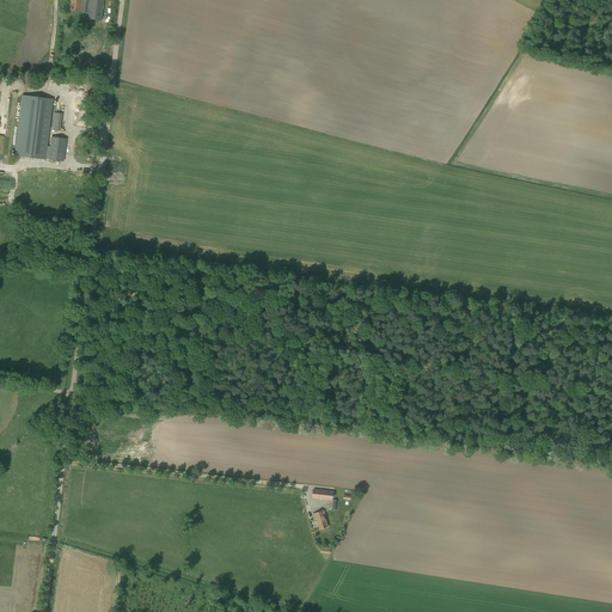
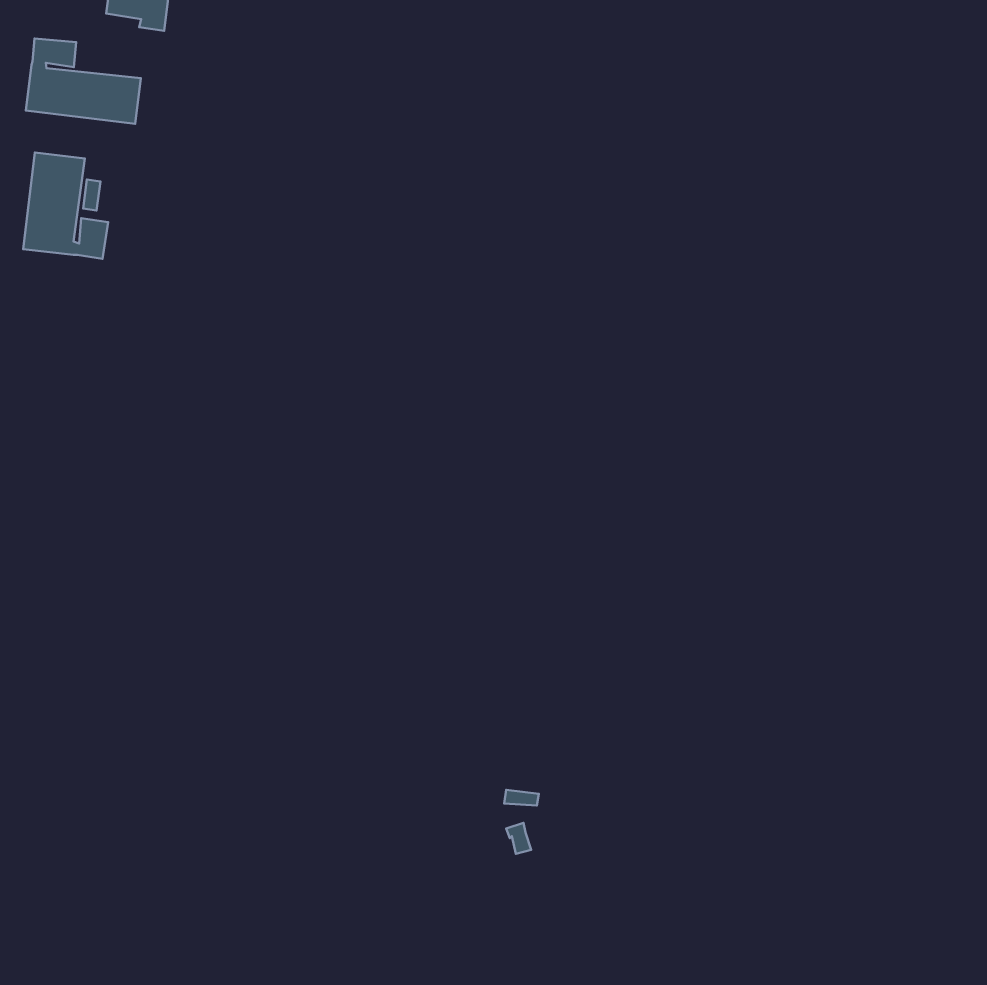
building: none -> [26,39,141,124]

